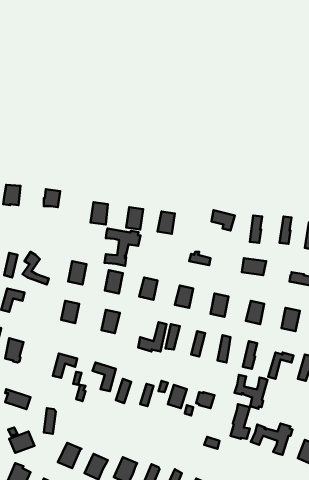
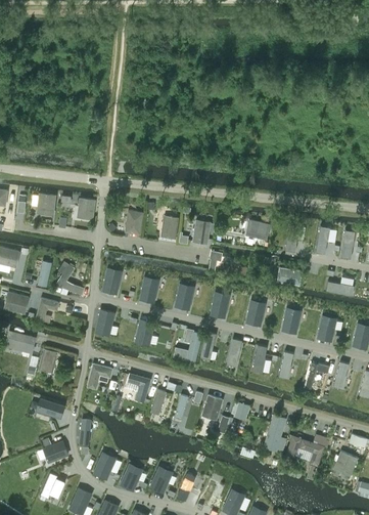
building: [105,229,140,266] -> none
building: [234,375,267,409] -> none

